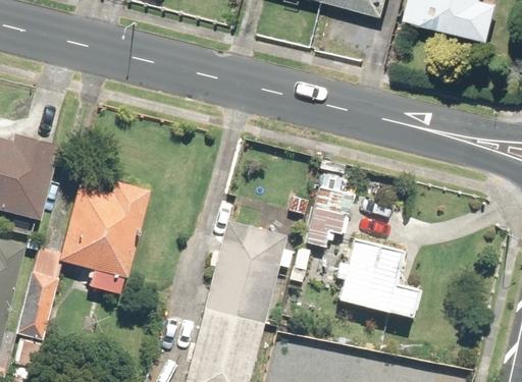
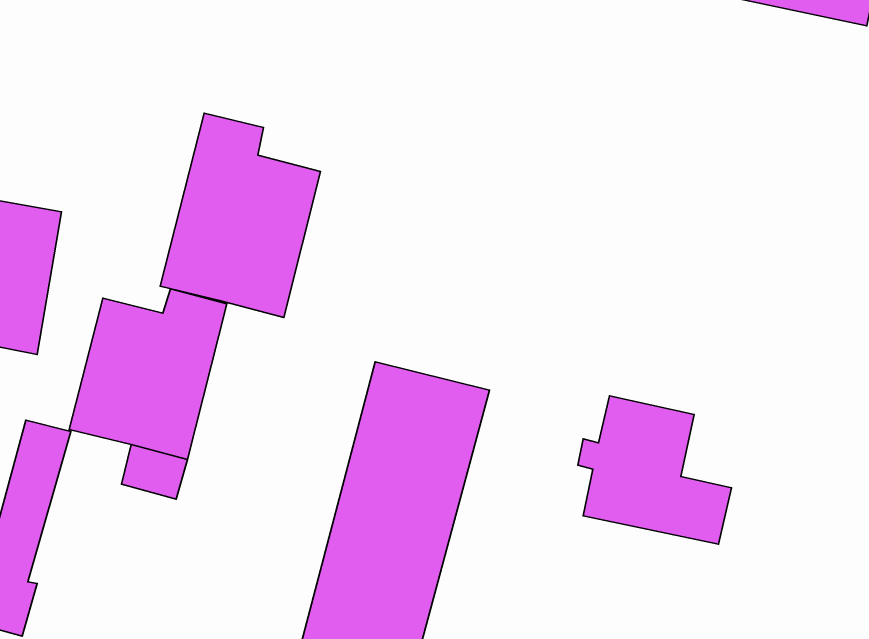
building: none -> [160,113,320,318]
building: [304,186,342,247] -> none

